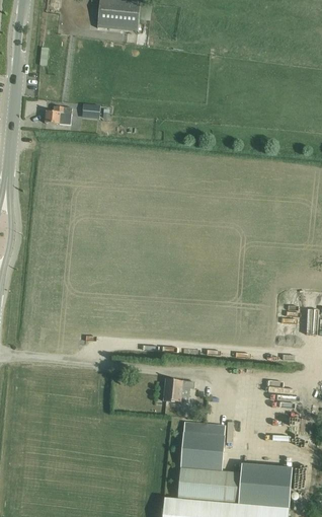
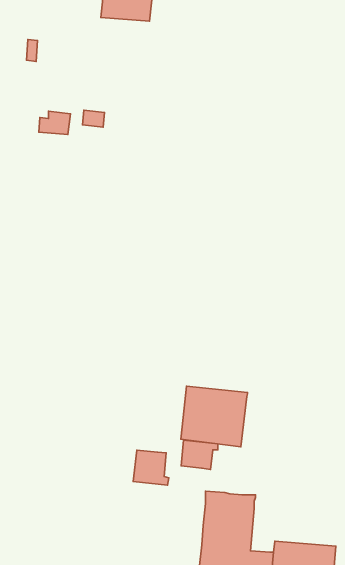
building: none -> [181,386,248,447]
building: none -> [133,450,169,485]

